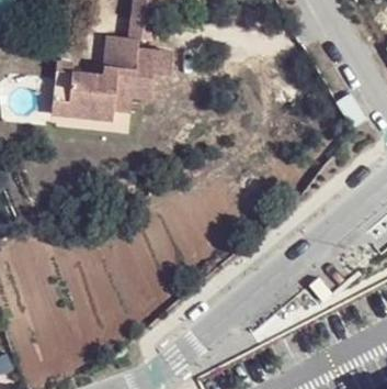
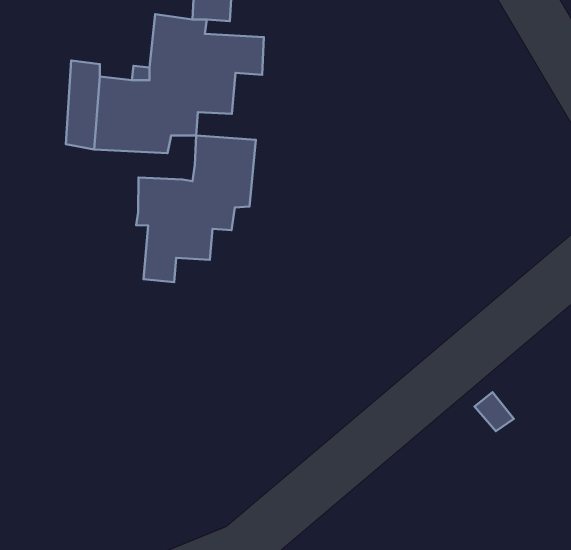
building: none -> [136,135,256,282]

